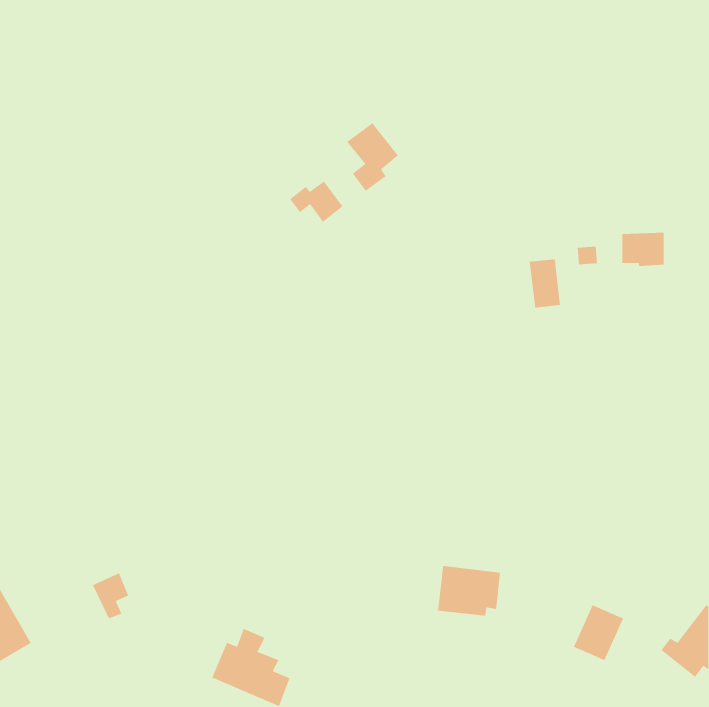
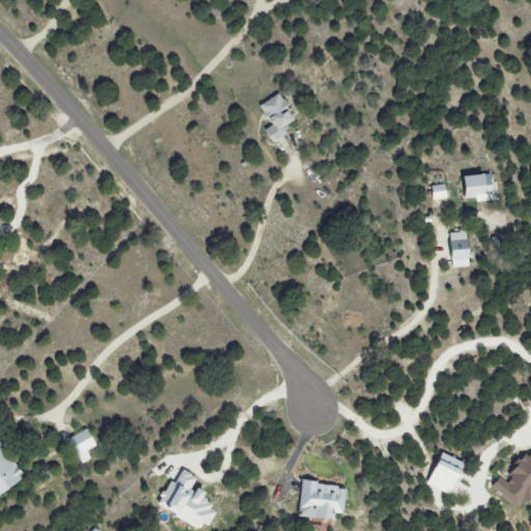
building: [289,181,343,223] -> none
building: [529,258,561,308] -> [448,229,472,267]
building: [437,565,501,617] -> [299,480,346,519]

